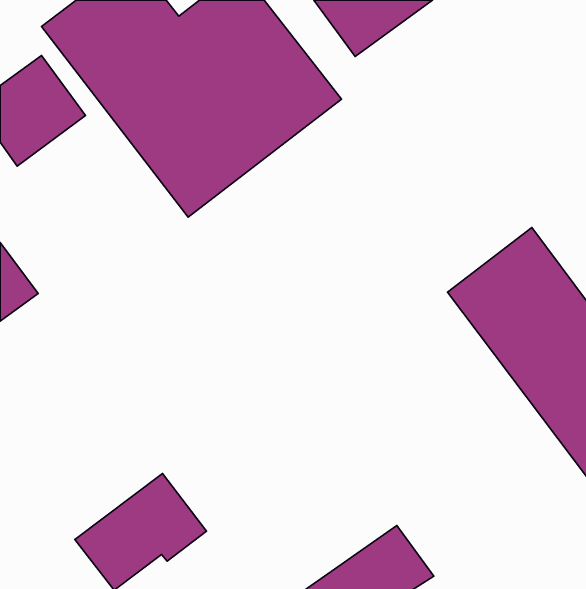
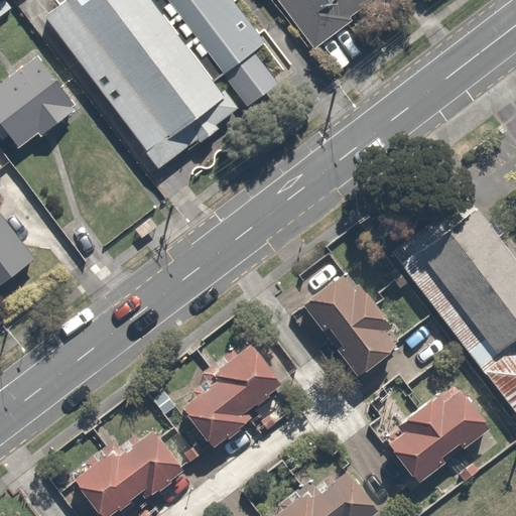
building: none -> [301,266,396,367]
building: none -> [176,338,282,448]
building: none -> [381,389,493,490]

